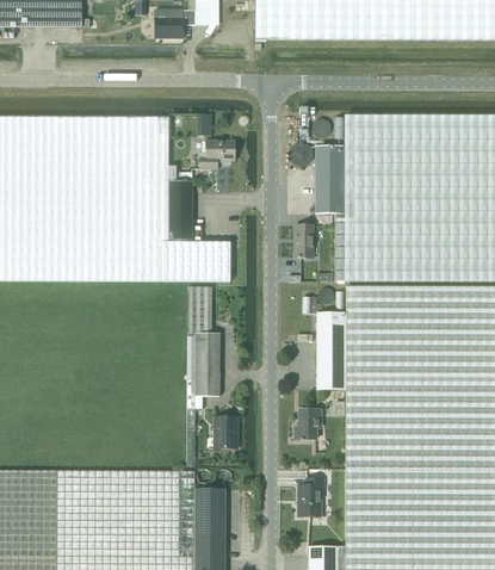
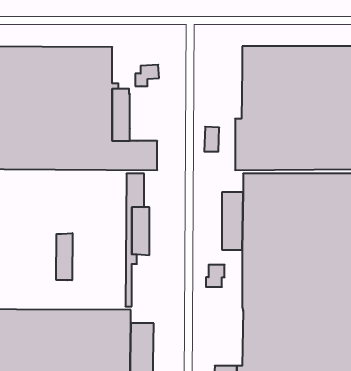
building: [315,145,345,213] -> none
building: none -> [56,233,72,280]
building: [215,416,237,448] -> none
building: [298,478,323,516] -> none

